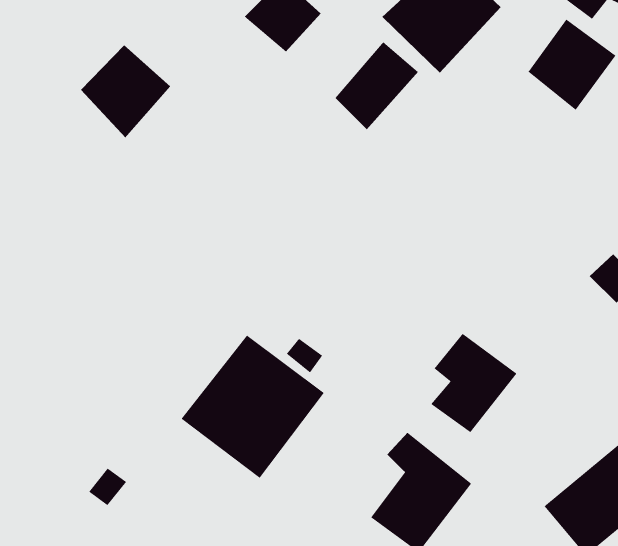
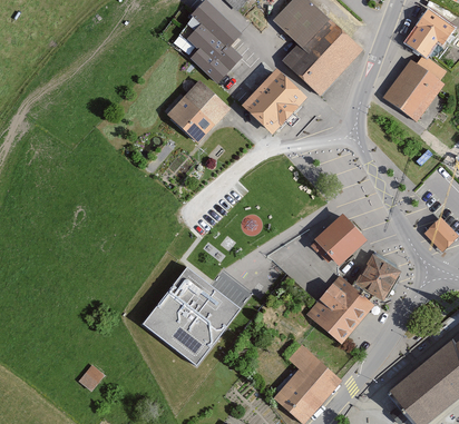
building: [80,45,171,139] -> [166,78,228,142]
building: none -> [311,213,368,265]
building: none -> [355,250,401,299]

